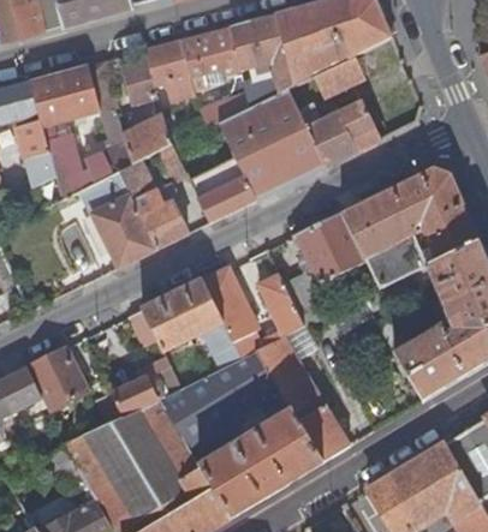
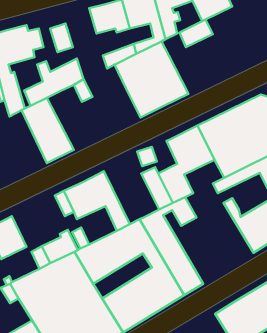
building: [142,40,196,103] -> none
building: [297,100,380,166] -> none
building: [188,157,255,223] -> none
building: [117,161,188,249] -> none
building: [201,268,260,358] -> none

